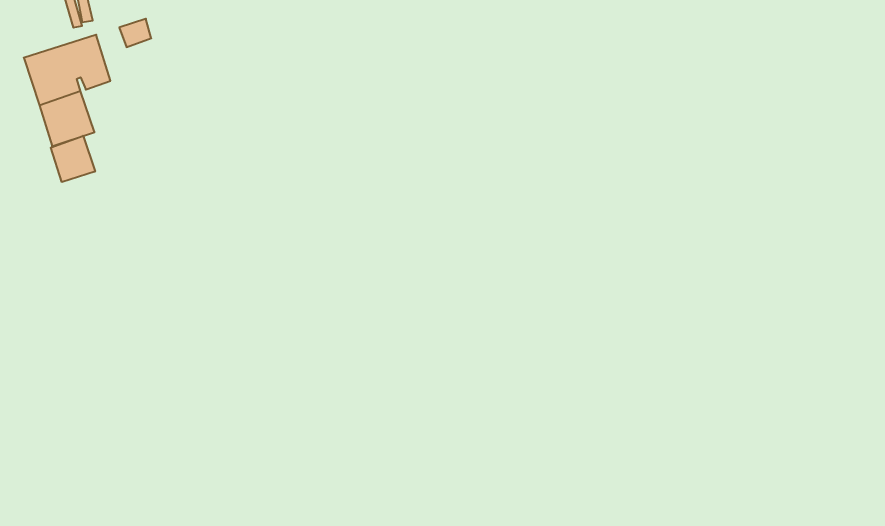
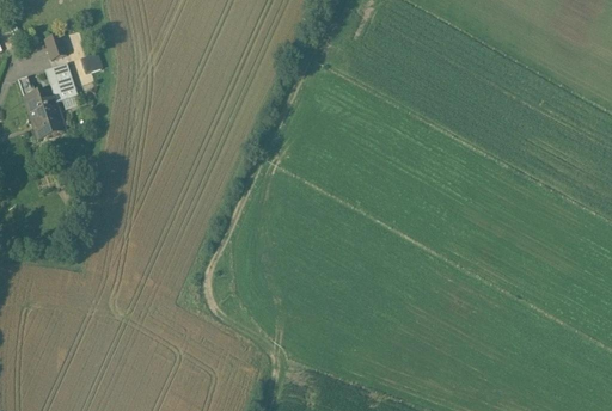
building: [51,136,95,182] -> none

